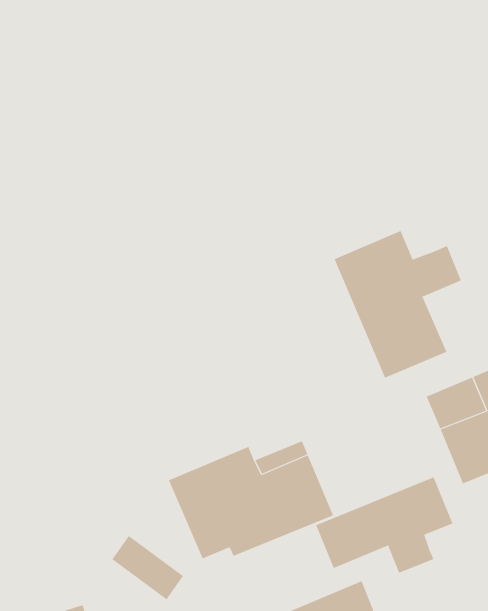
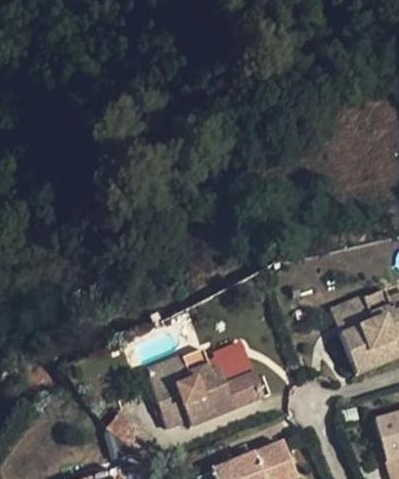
building: [334,230,462,378] -> none
building: [316,476,453,573] -> none

